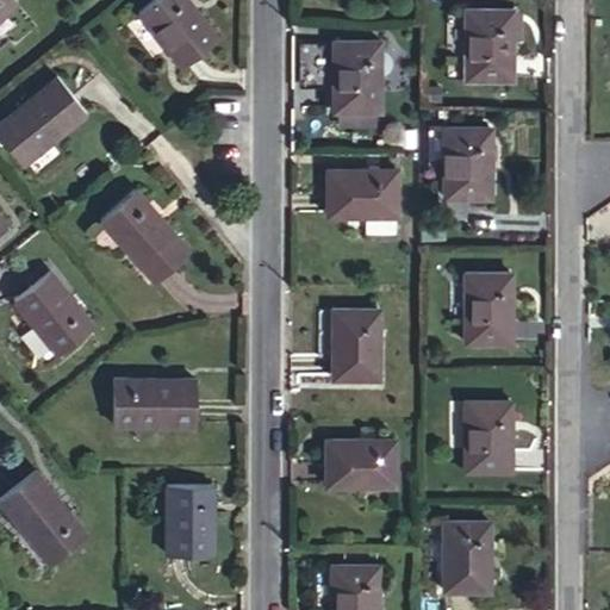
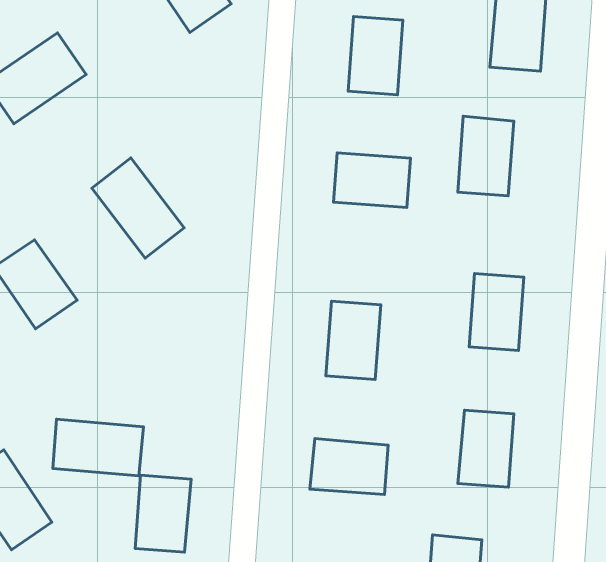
building: [114,379,197,427] -> [53,419,144,476]

